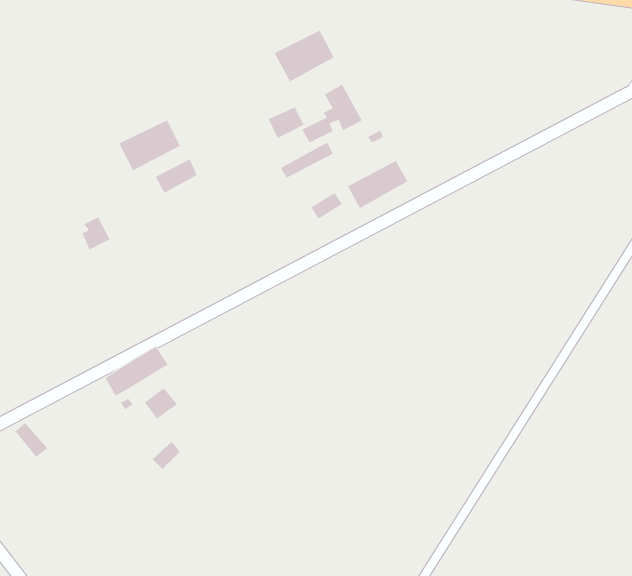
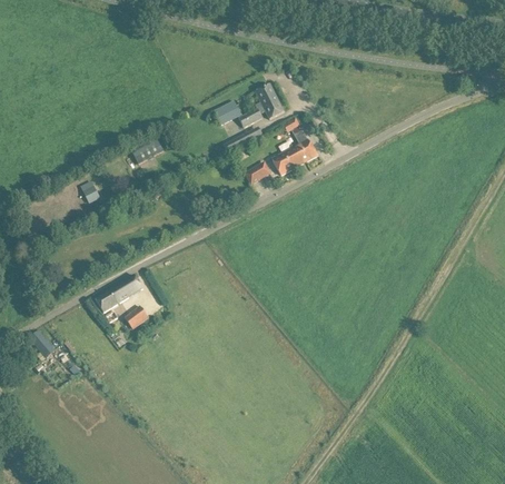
building: [274,30,334,82] -> none
building: [118,120,180,171] -> none

